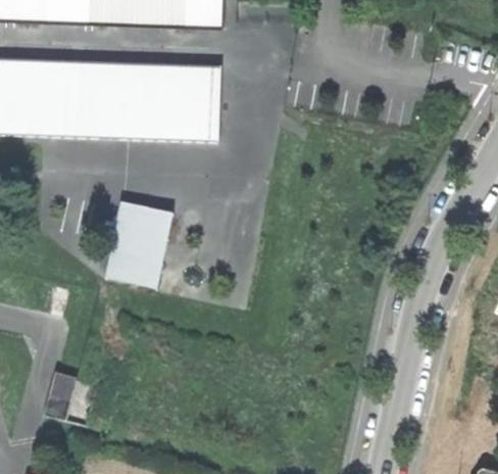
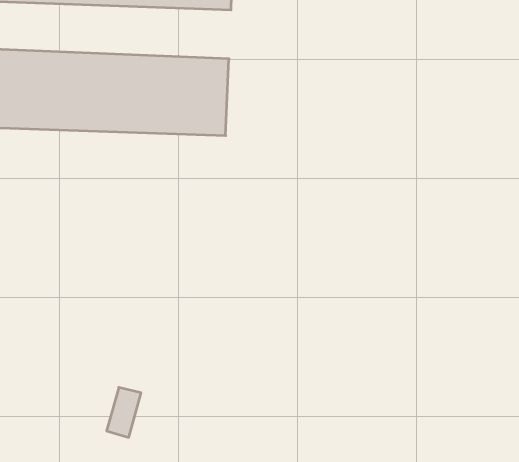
building: [105,204,171,289] -> none
building: [43,374,74,420] -> [107,387,141,437]

